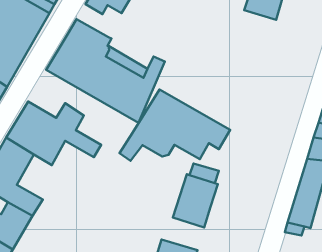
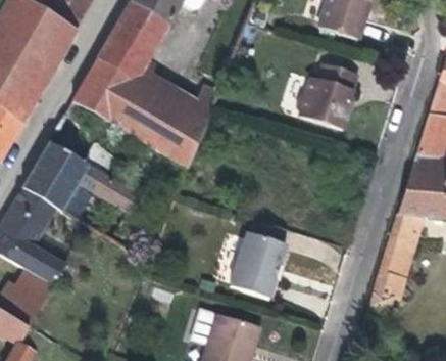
building: none -> [109,18,165,59]
building: none -> [296,62,357,128]
building: [120,89,230,161] -> none

